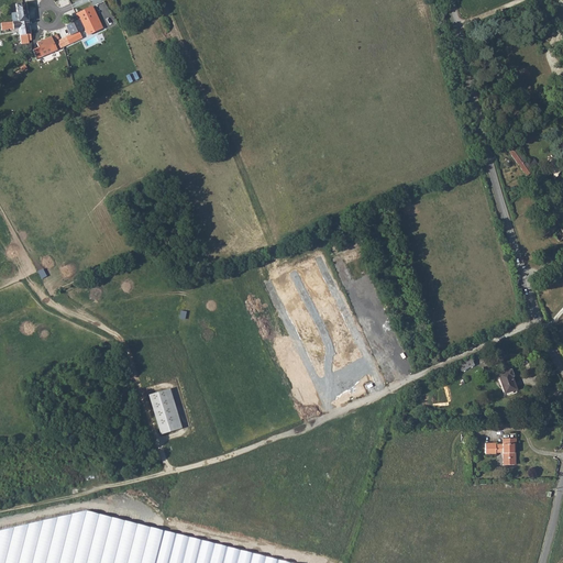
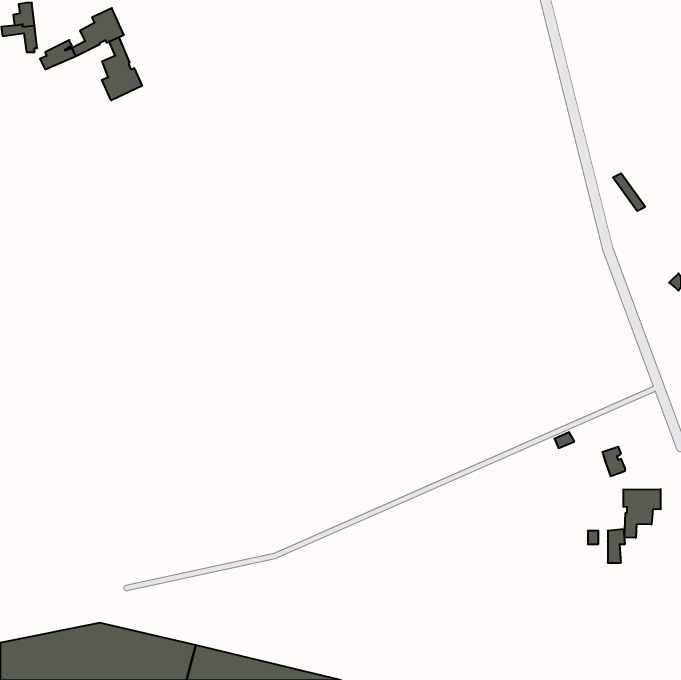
building: none -> [102,37,142,100]
building: [148,387,181,432] -> none
building: none -> [624,489,661,538]

